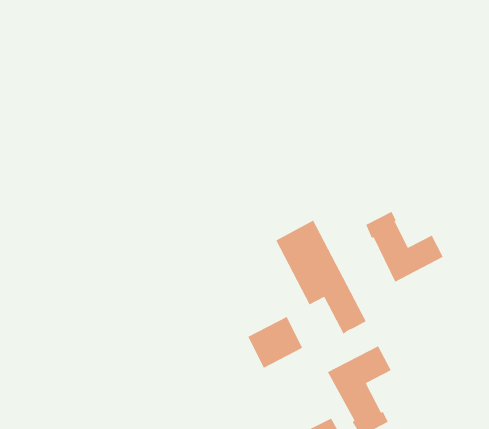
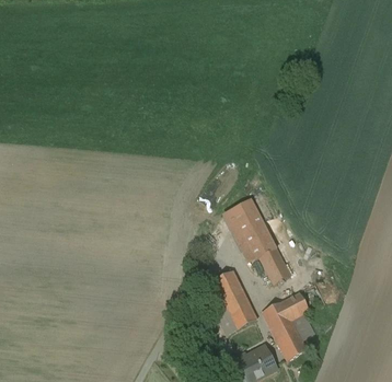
building: [365,211,444,283] -> none
building: none -> [215,294,257,335]

